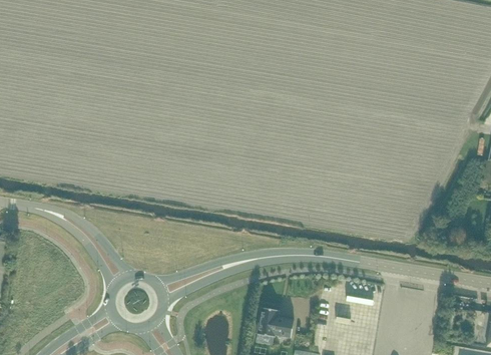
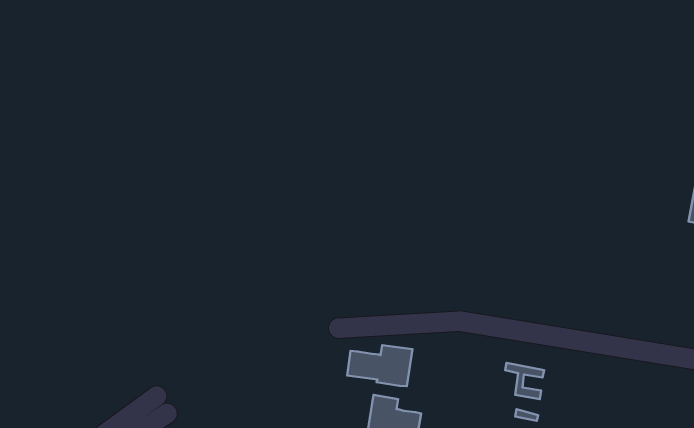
building: none -> [347,345,413,386]

